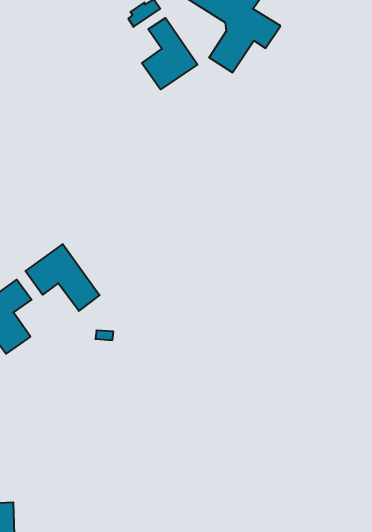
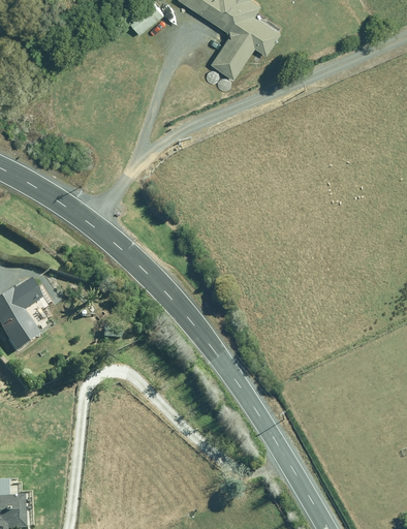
building: [142,18,197,89] -> none
building: [25,244,100,311] -> none

